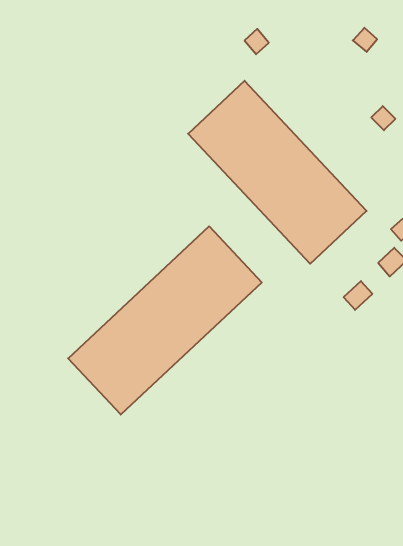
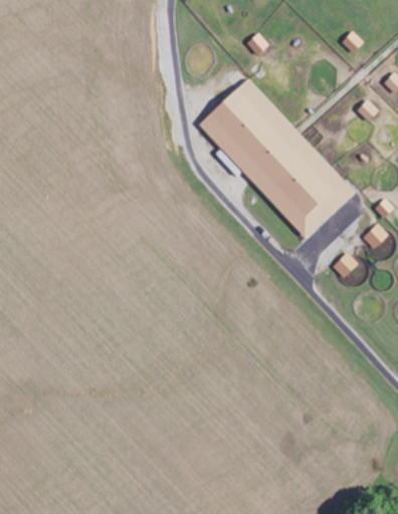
building: [68,226,262,415] -> none

